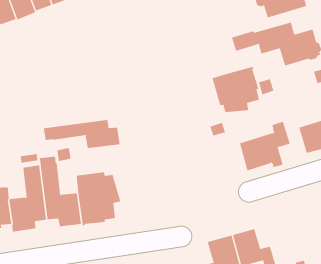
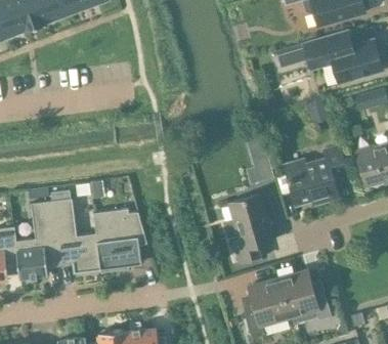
building: [212,66,260,113] -> none
building: [43,119,120,149] -> none
building: none -> [226,198,271,266]

